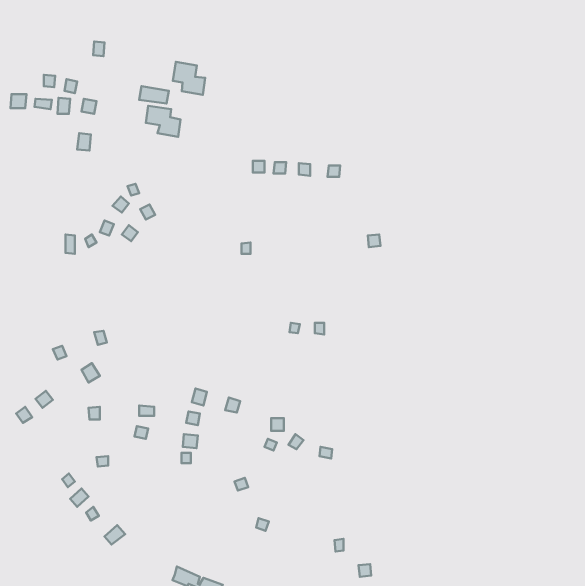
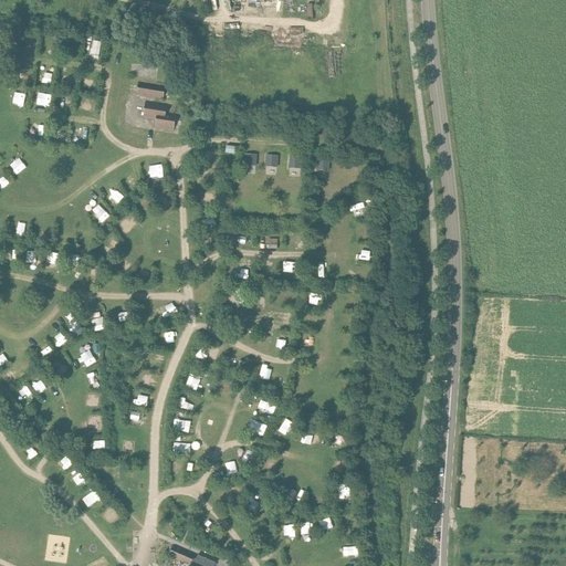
building: [173,62,205,95] -> none

